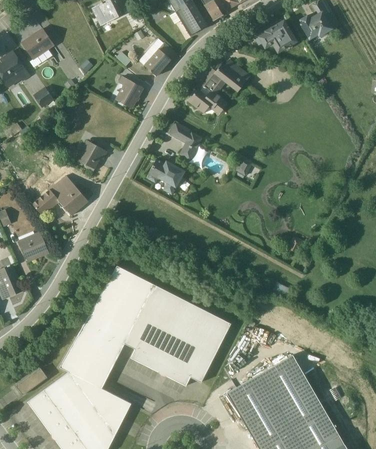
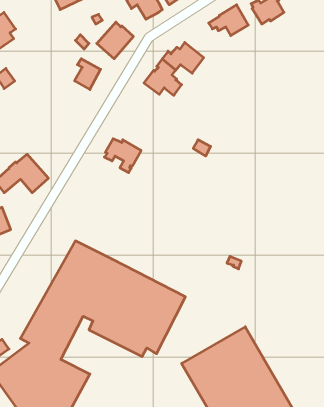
building: [169,123,202,159] -> none
building: [75,140,107,170] -> none

